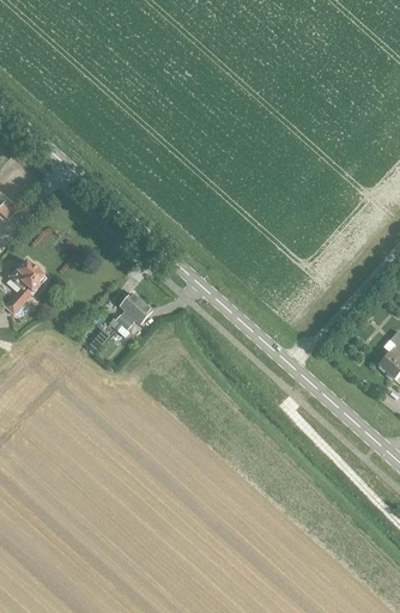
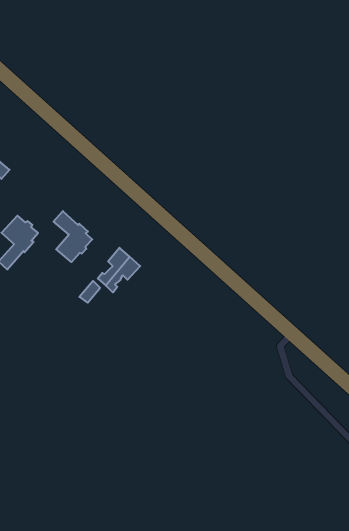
building: none -> [54,211,92,262]

